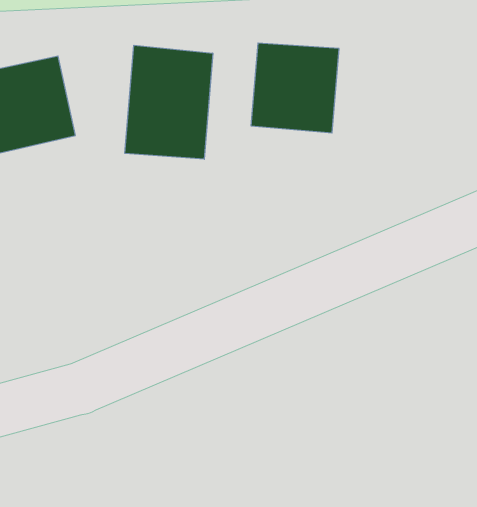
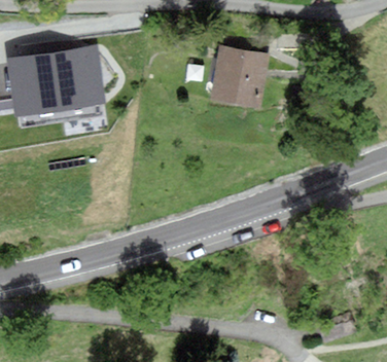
building: [125,45,213,159] -> none

